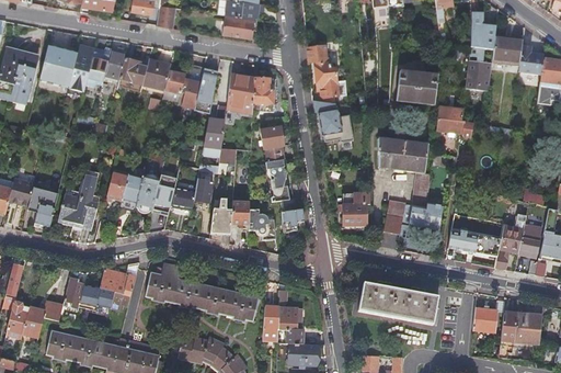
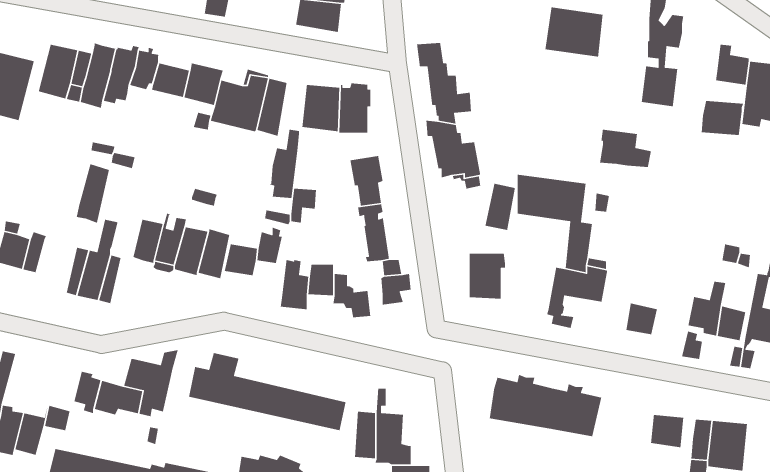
building: [492,38,523,64] -> [701,100,744,136]
building: [396,69,437,105] -> [545,7,603,58]
building: [35,184,59,227] -> [76,163,110,224]
building: [383,200,405,234] -> [484,183,515,231]

